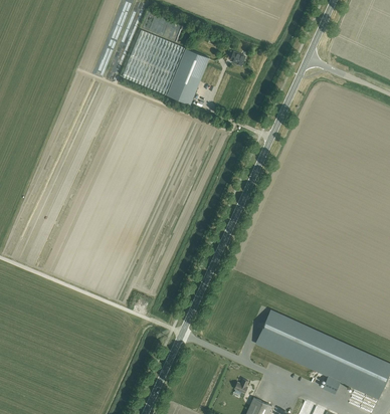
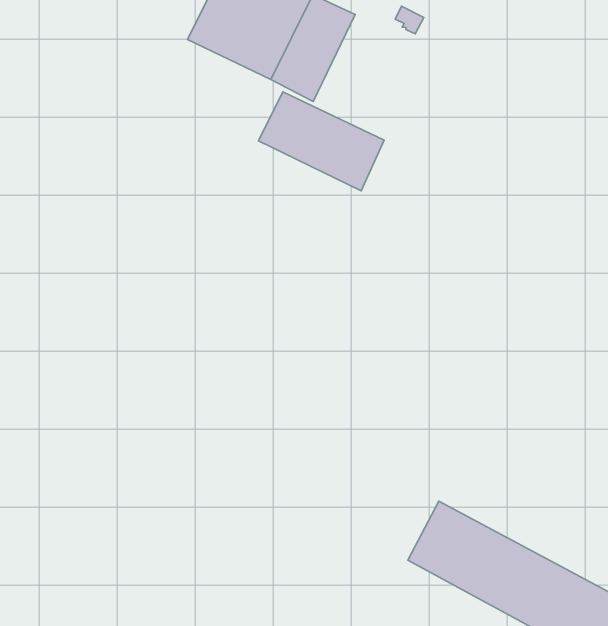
building: none -> [258,92,384,191]

